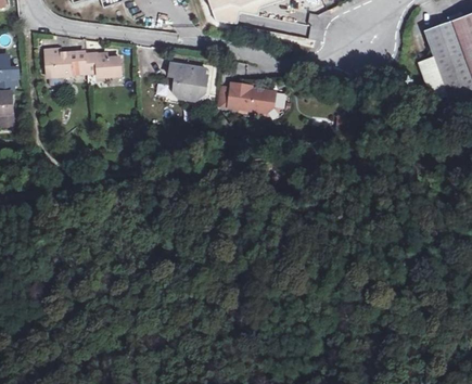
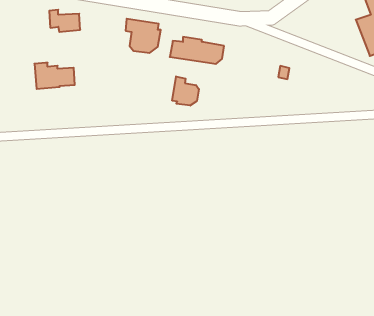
building: [43,47,87,75] -> [34,63,75,89]
building: none -> [172,76,199,106]

